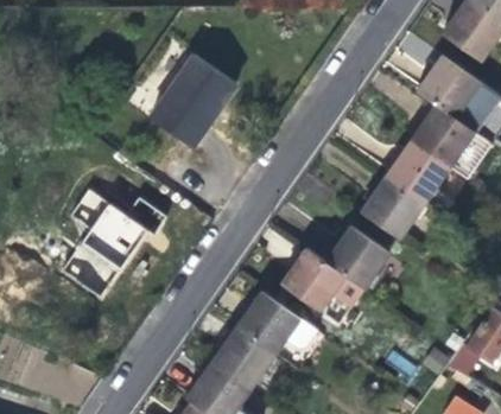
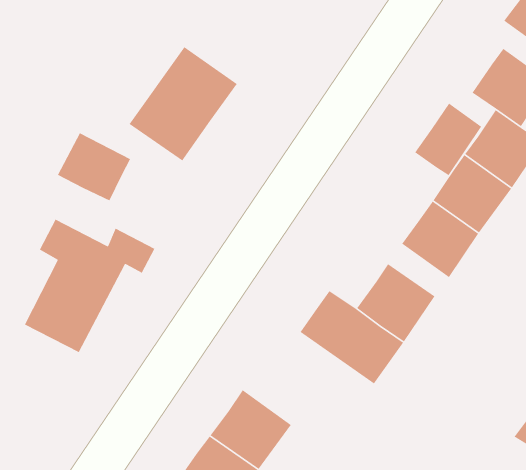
building: none -> [414,102,482,176]
building: none -> [57,132,131,201]
building: [235,292,299,355] -> none

